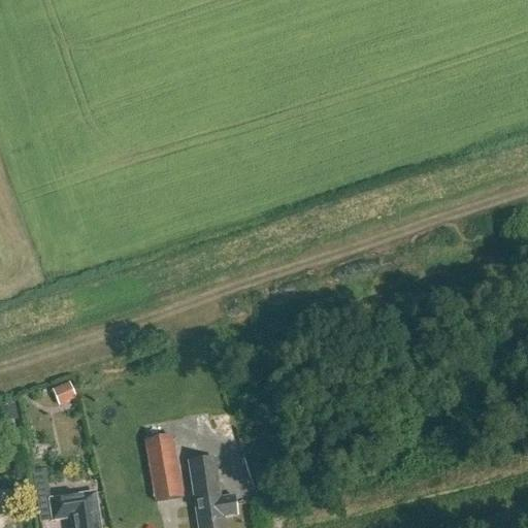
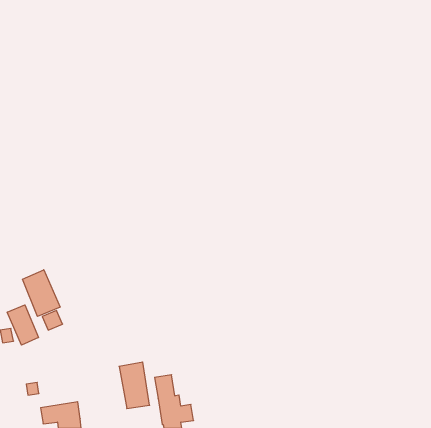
building: none -> [22,270,60,316]
building: none -> [7,305,38,345]

